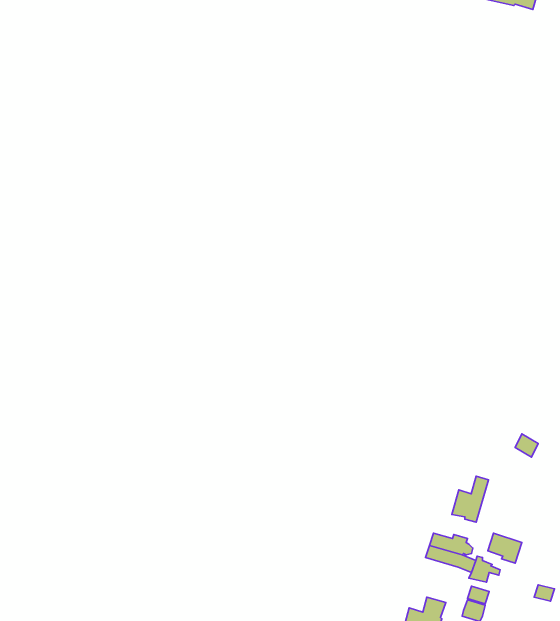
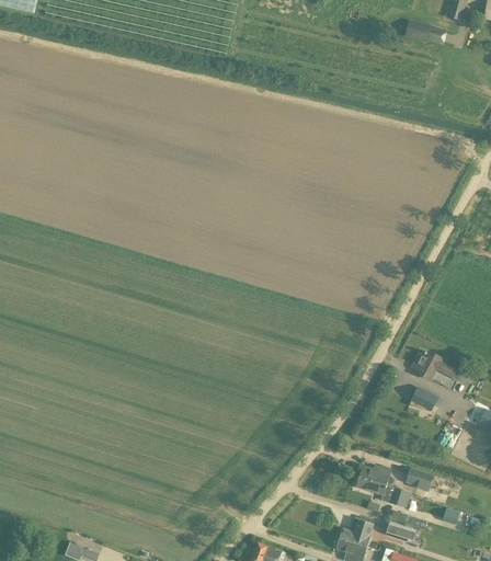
building: none -> [412,351,458,387]
building: [452,476,488,522] -> none

